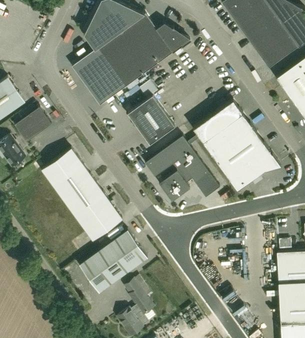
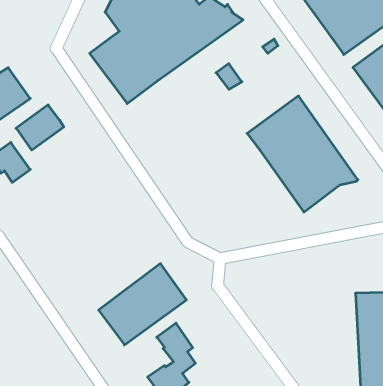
building: [127,96,174,145] -> none
building: [144,136,220,201] -> none
building: [41,149,121,241] -> none

